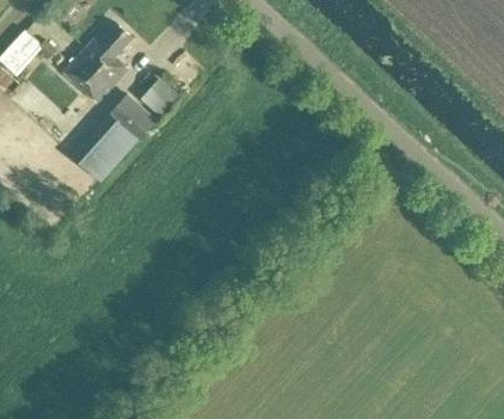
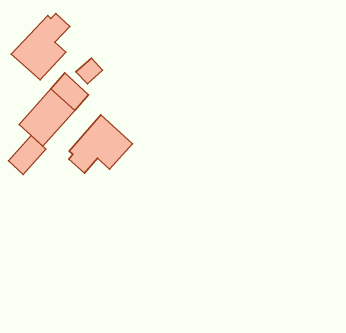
building: none -> [69,115,132,173]
building: none -> [8,135,46,174]

